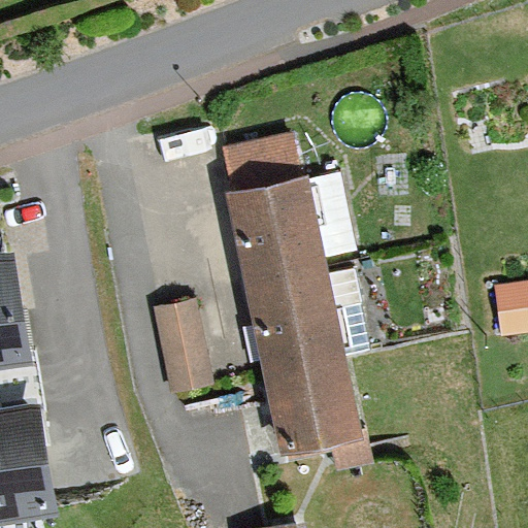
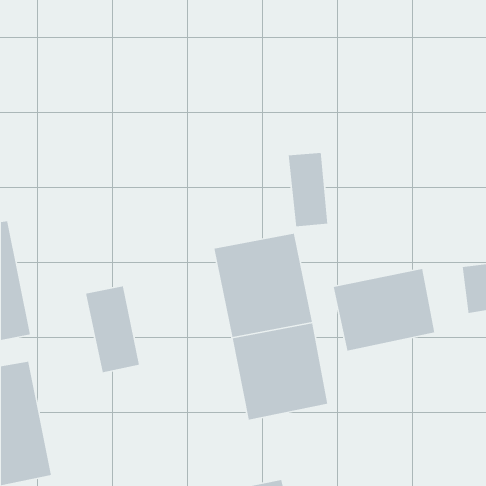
building: [218,164,322,272] -> none
building: none -> [333,268,435,352]
building: [155,298,213,392] -> [85,285,140,373]

